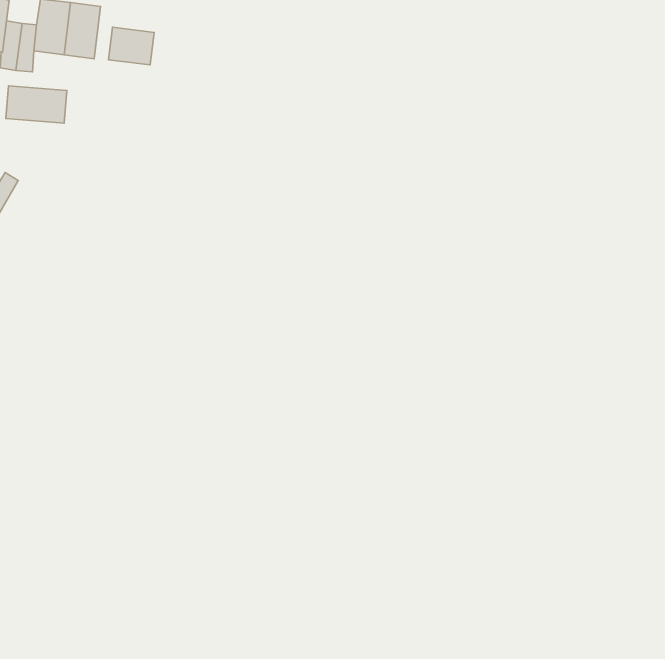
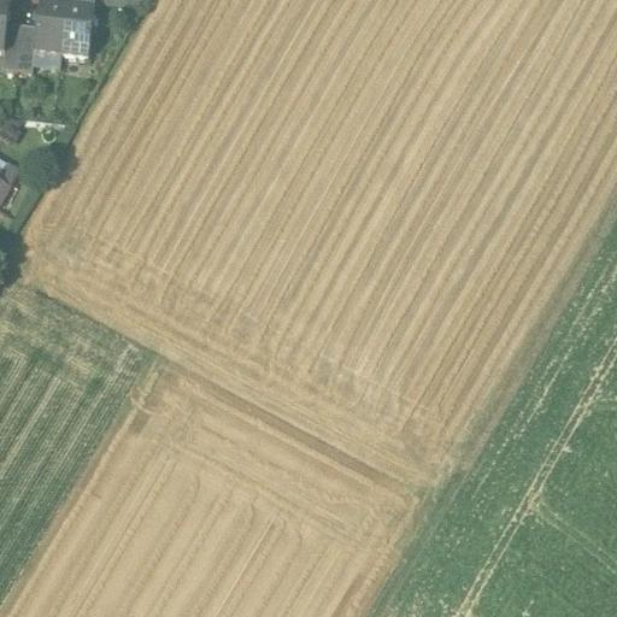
building: [109,27,154,65] -> none
building: [6,86,67,123] -> none

